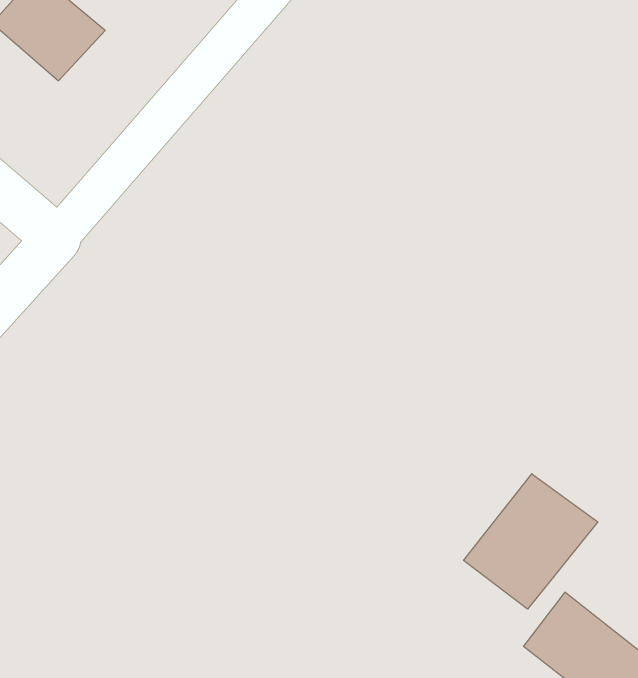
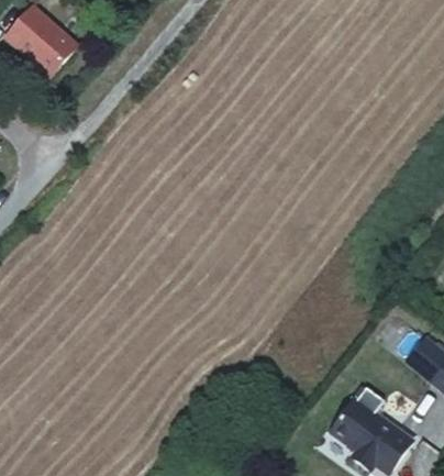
building: [464,474,598,609] -> none

